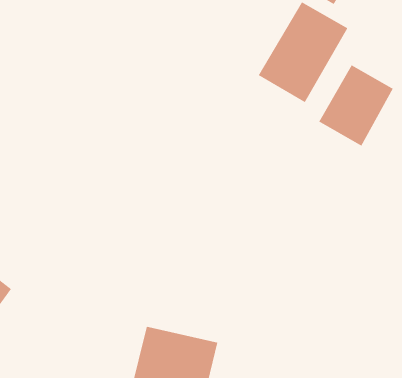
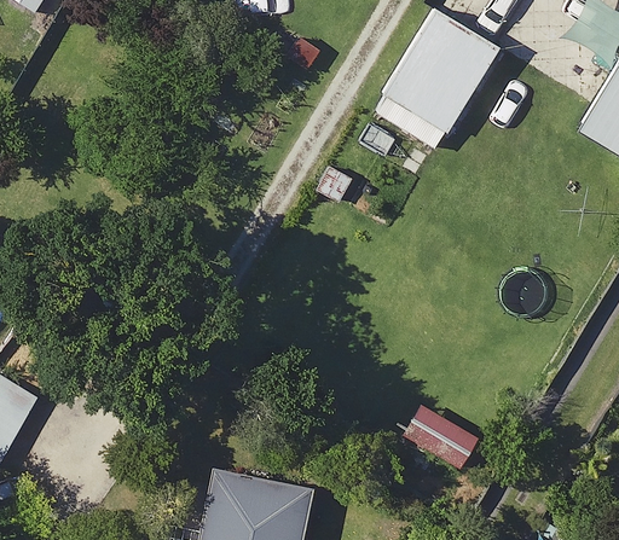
building: [318,64,393,146] -> none

